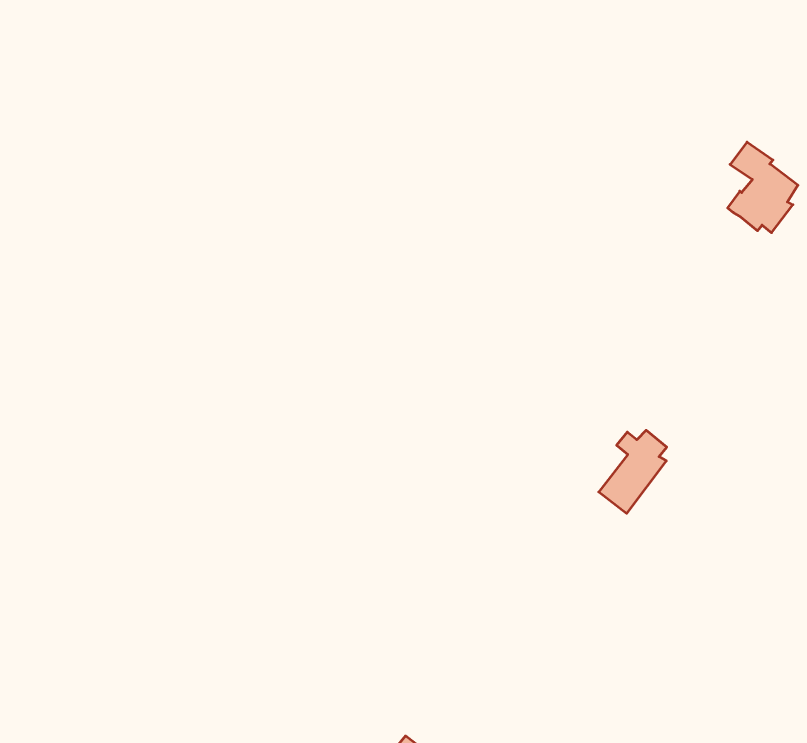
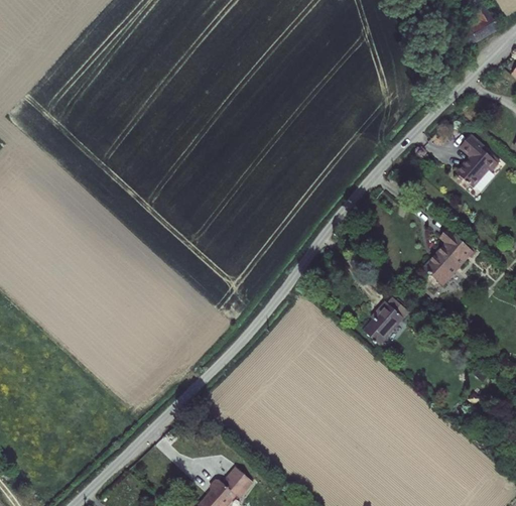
building: none -> [423,228,472,284]

